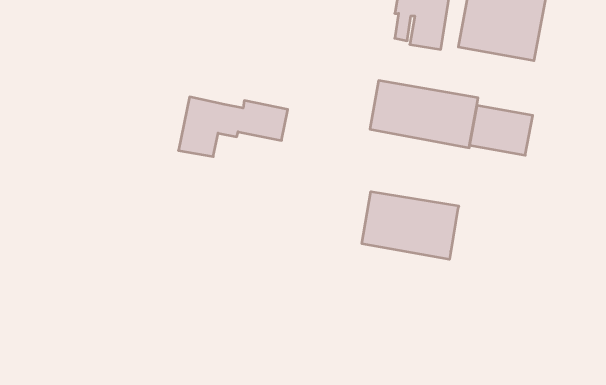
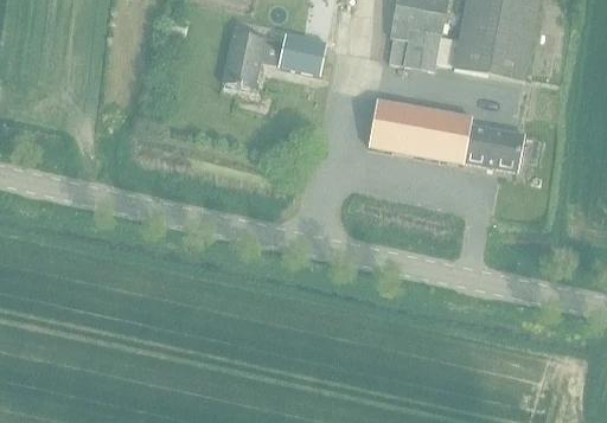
building: [178,97,288,157] -> [222,30,326,86]
building: [362,192,459,259] -> none

